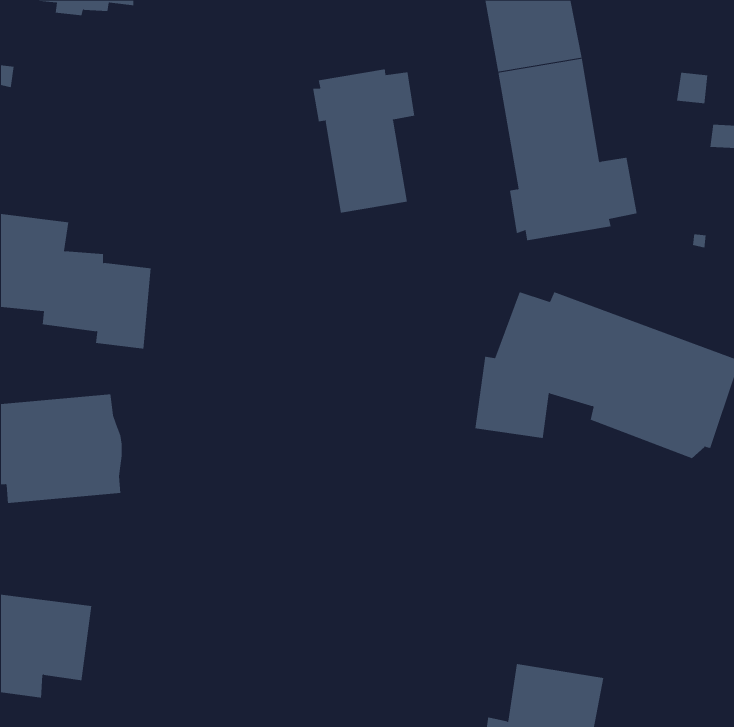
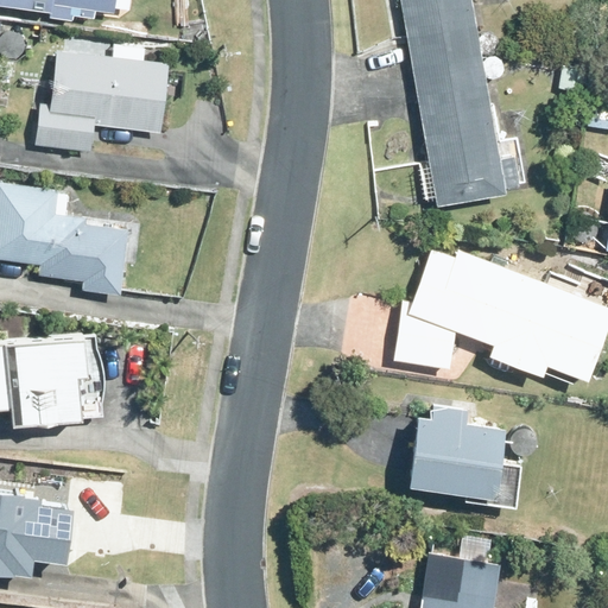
building: none -> [33,46,167,153]
building: [313,69,415,214] -> none
building: none -> [407,400,520,505]

